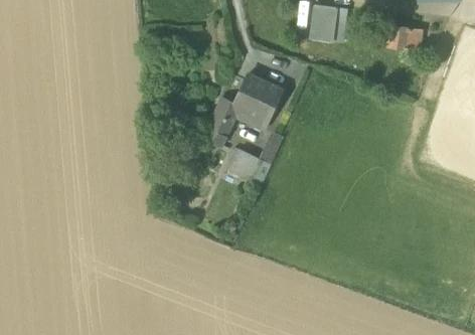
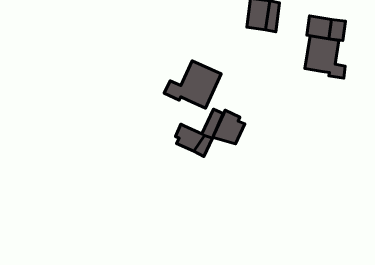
building: none -> [305,36,345,78]
building: [203,113,232,143] -> none
building: none -> [213,110,245,144]

